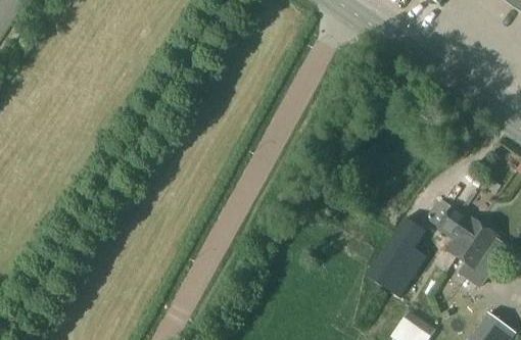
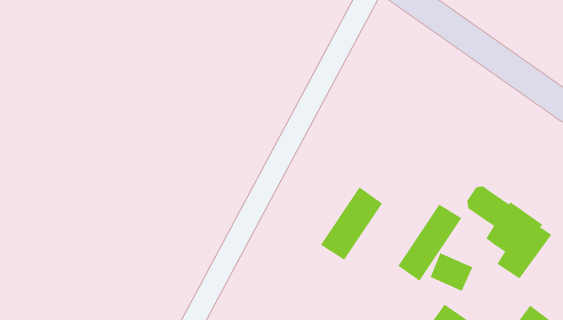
building: none -> [320,186,383,261]

